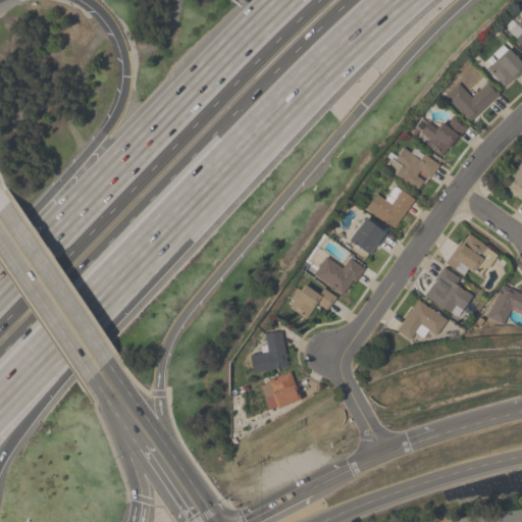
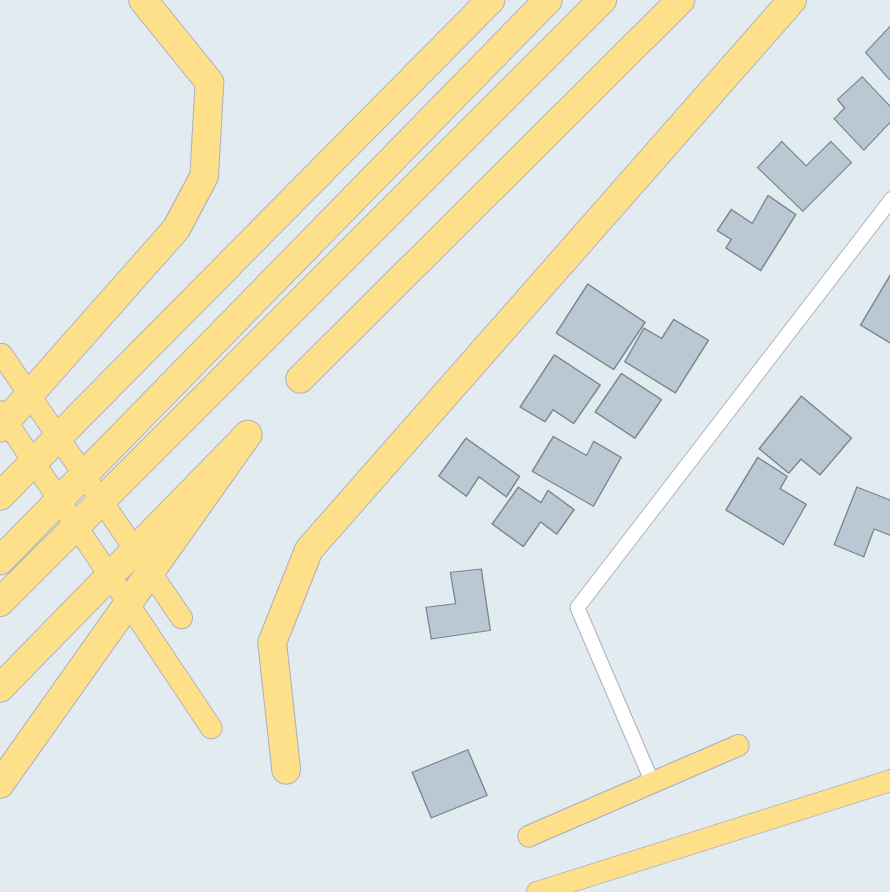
building: [387,142,439,192] -> [556,284,645,370]
building: none -> [520,355,600,424]
building: none -> [439,438,520,497]
building: [398,300,449,342] -> none
building: [259,372,303,412] -> [412,750,487,818]

